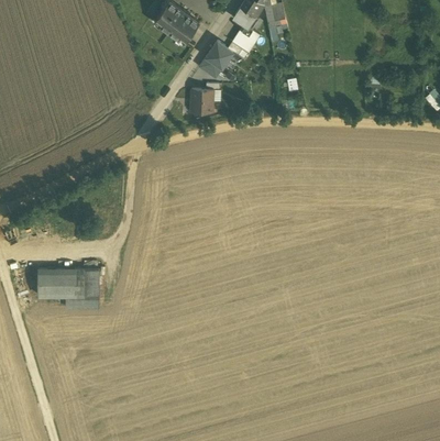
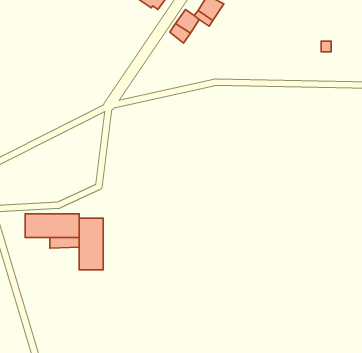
building: [190,89,212,112] -> none
building: none -> [79,218,103,270]

